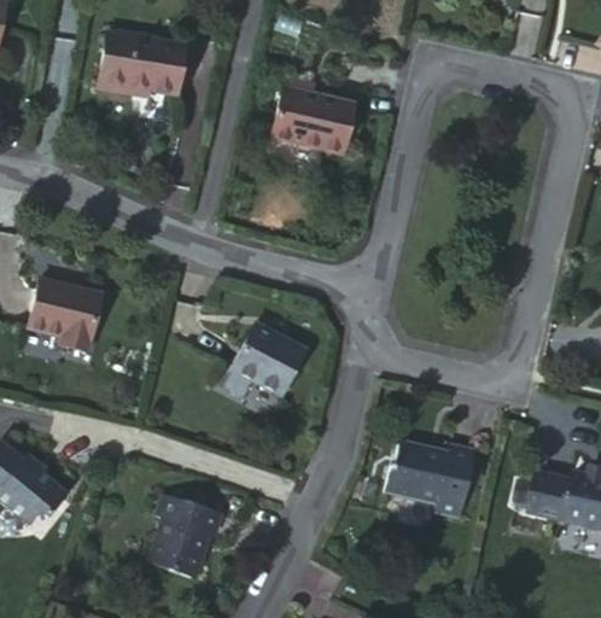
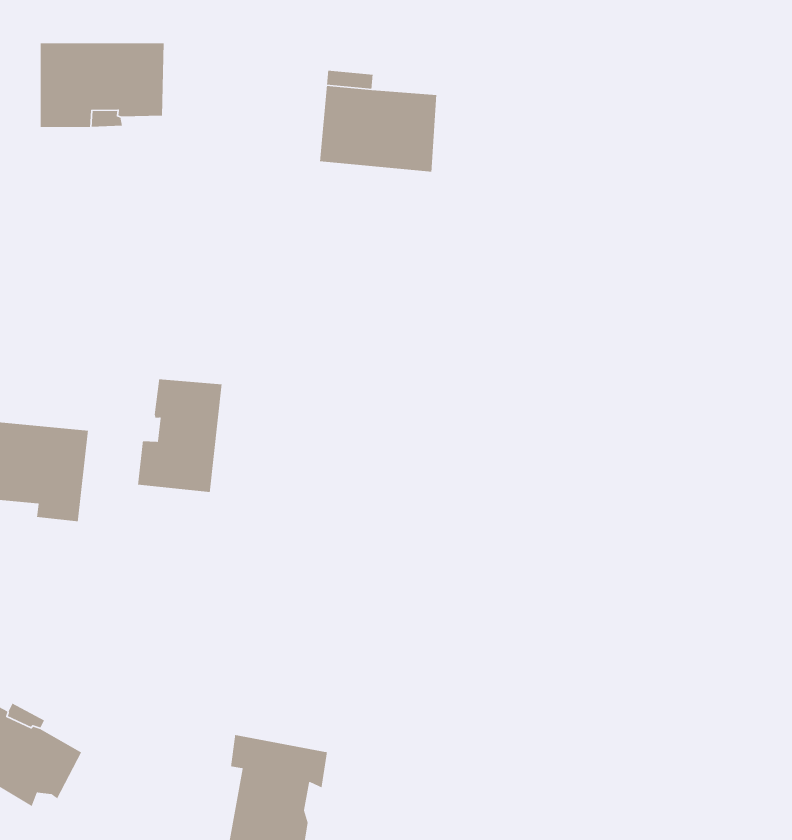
building: none -> [137,379,223,493]
building: [231,327,304,400] -> none
building: [386,443,478,518] -> none

